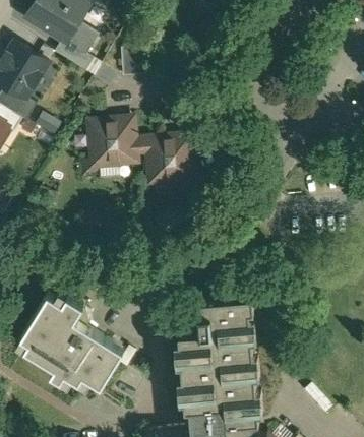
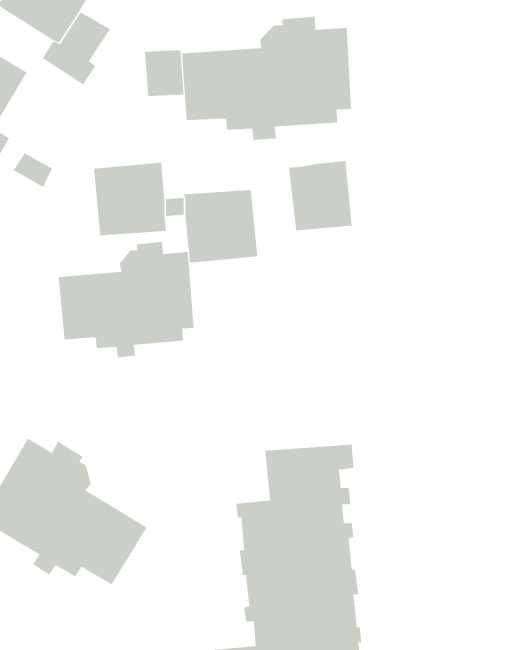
building: none -> [181,16,352,141]
building: none -> [288,160,352,231]
building: none -> [58,241,194,358]

